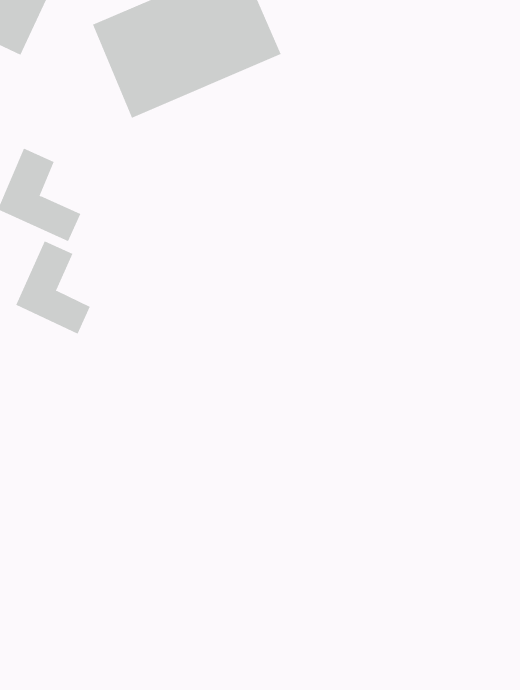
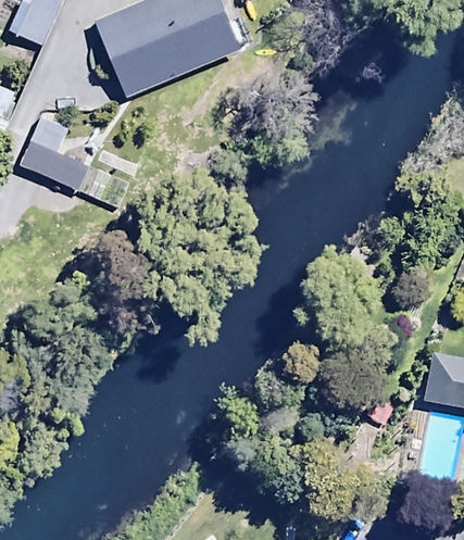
building: [15,241,90,335] -> none

